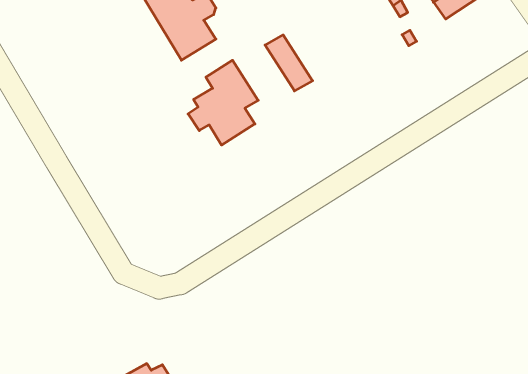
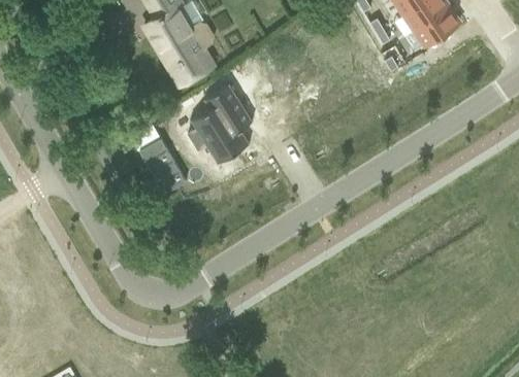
building: [265,35,313,91] -> none
building: none -> [139,140,186,196]

